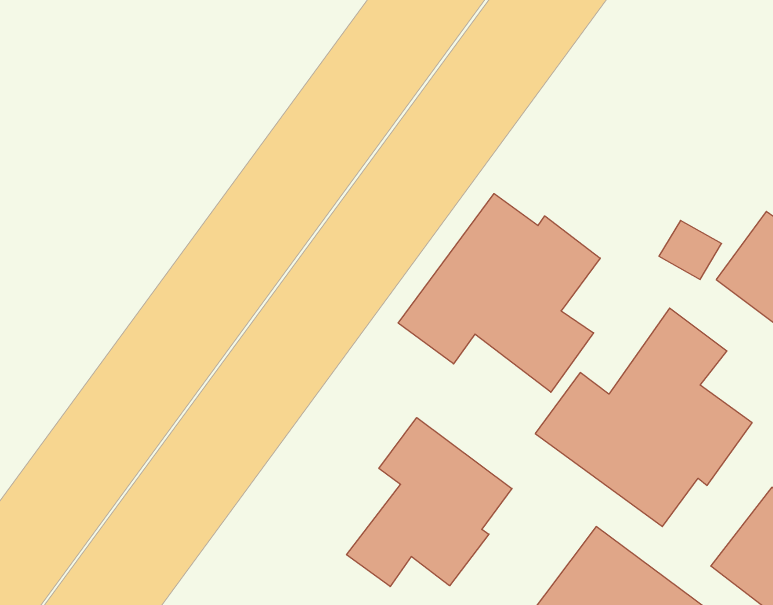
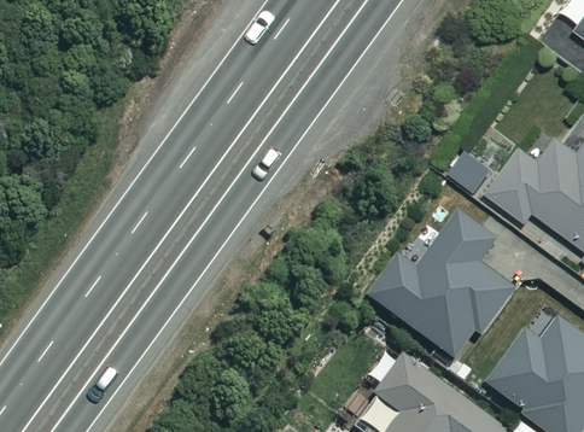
building: [398,194,600,392] -> none
building: [347,418,512,587] -> none

